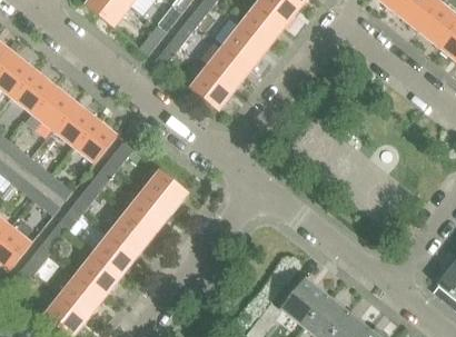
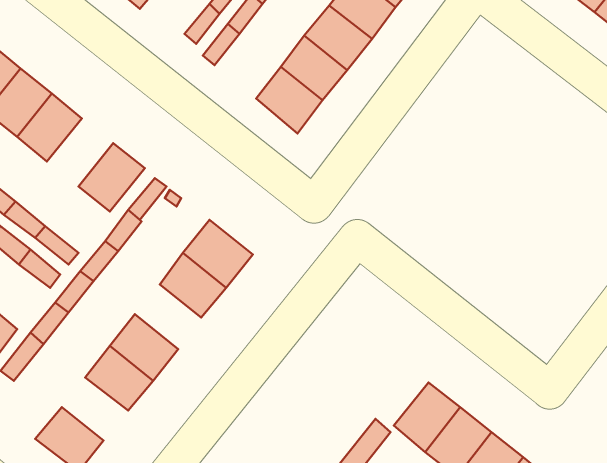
building: [50,101,95,147] -> none
building: [109,212,153,256] -> none
building: [60,275,105,317] -> none

